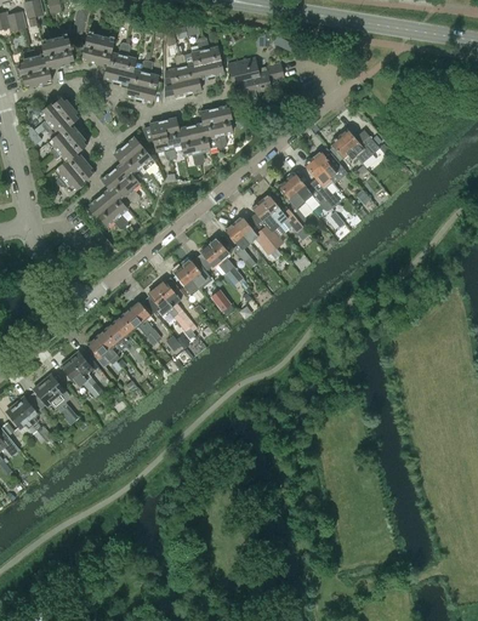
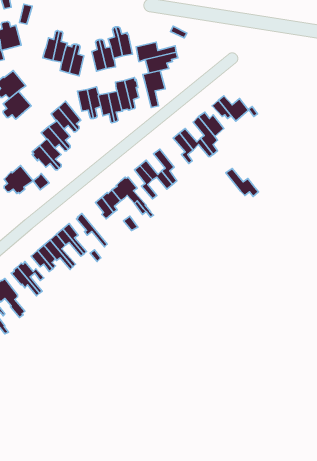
building: [81,28,113,67] -> none
building: none -> [143,71,165,108]
building: [56,152,95,189] -> [4,165,33,194]
building: [260,195,303,233] -> [226,168,259,196]
building: [155,278,194,329] -> none

